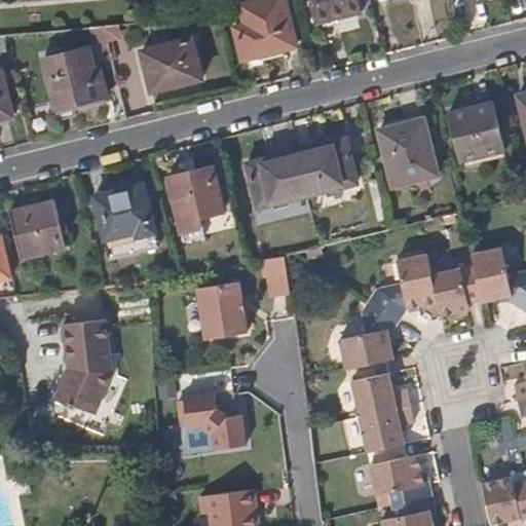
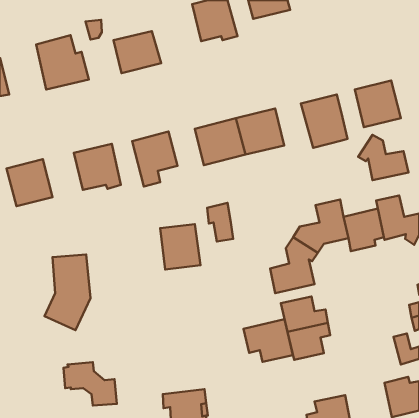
building: none -> [358,135,409,180]
building: [180,393,247,448] -> [63,362,117,406]
building: [370,451,431,504] -> [244,319,293,362]

